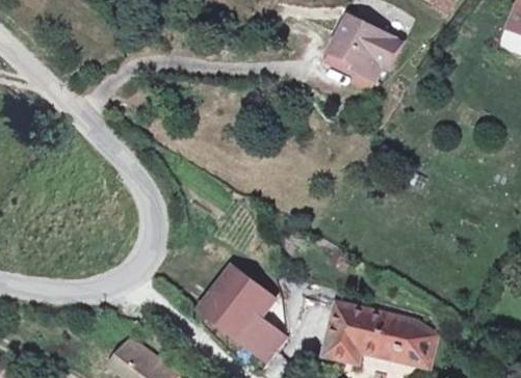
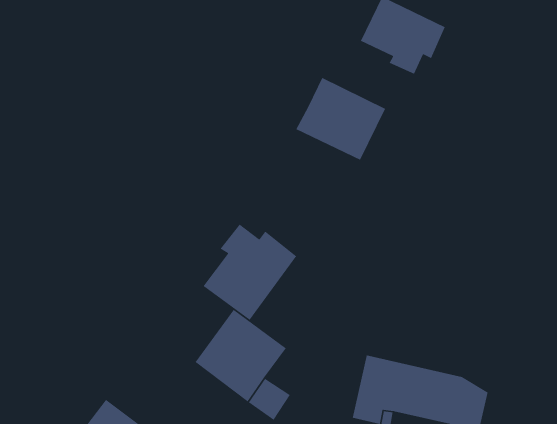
building: none -> [295,77,386,161]
building: none -> [203,224,297,321]

